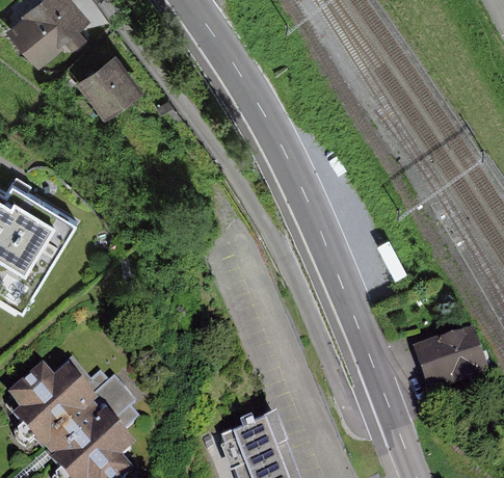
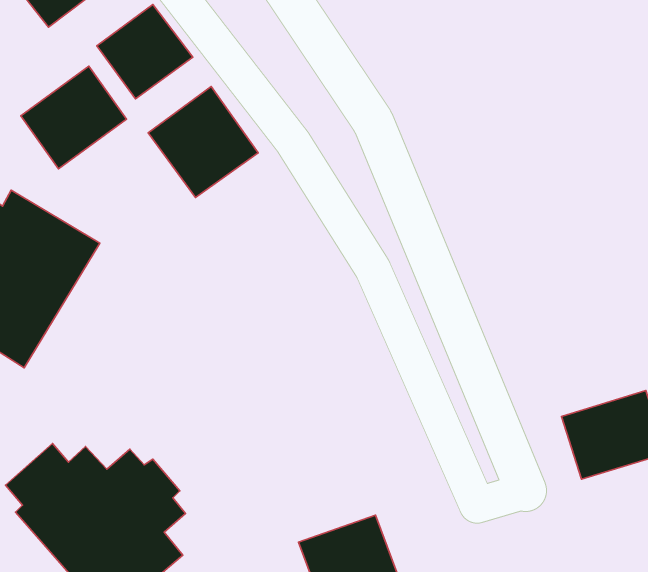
building: none -> [21,66,127,169]
building: none -> [148,87,258,198]

